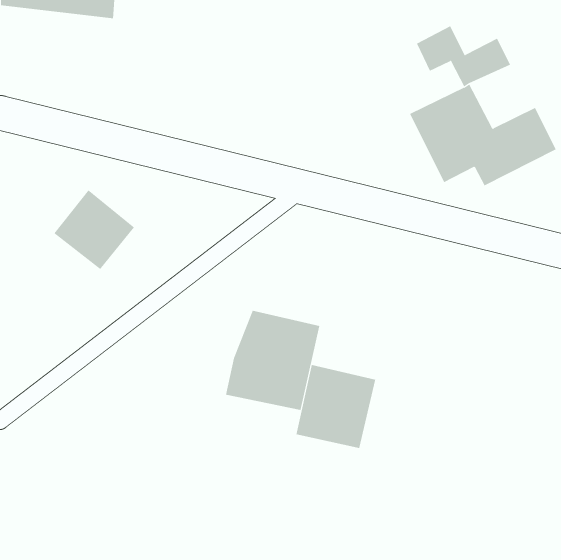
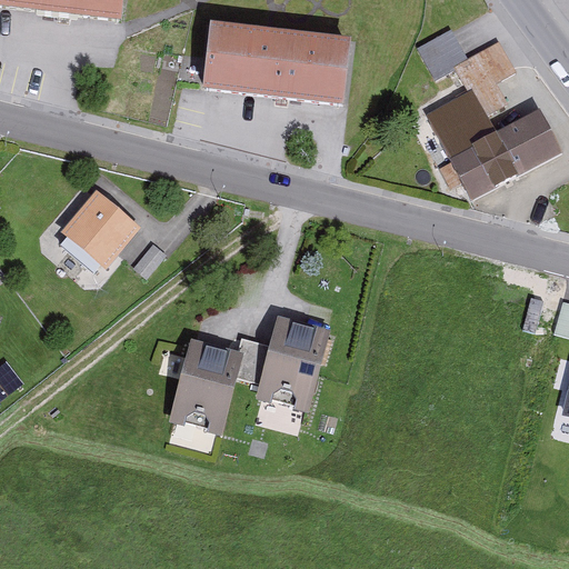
building: none -> [188,23,355,103]
building: none -> [167,343,241,432]
building: [296,364,376,449] -> none

